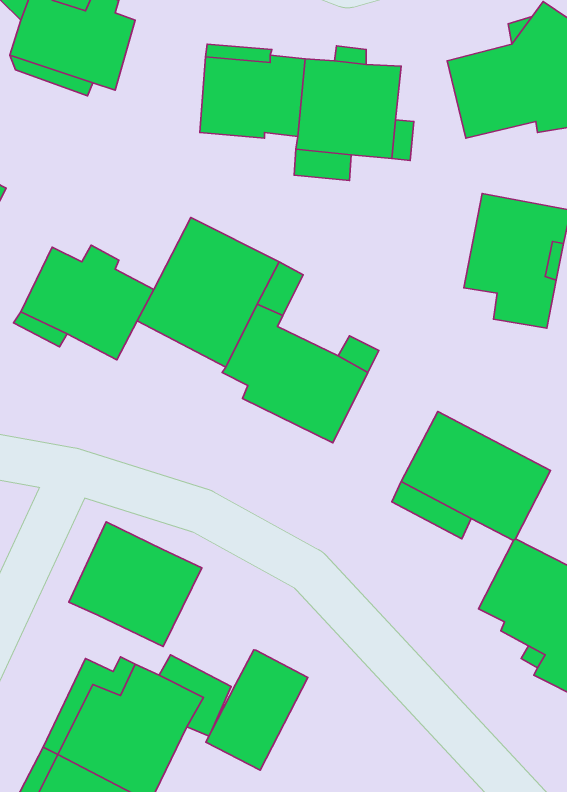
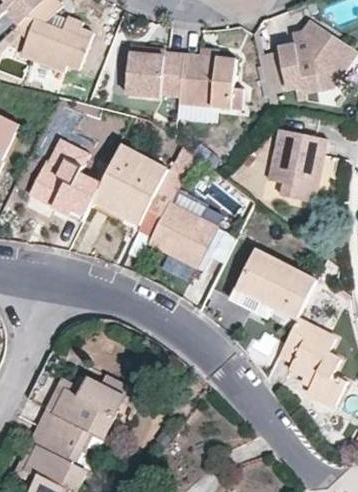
building: [69,522,202,646] -> none
building: [206,650,308,770] -> none

